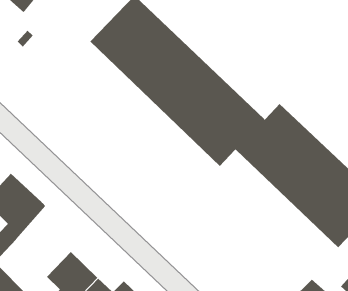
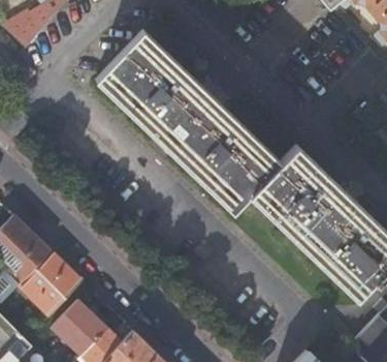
building: none -> [19,251,82,315]

